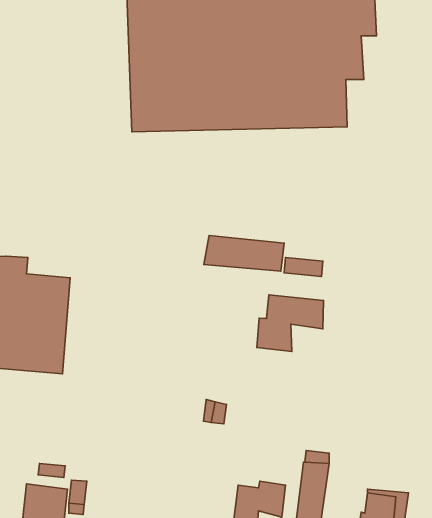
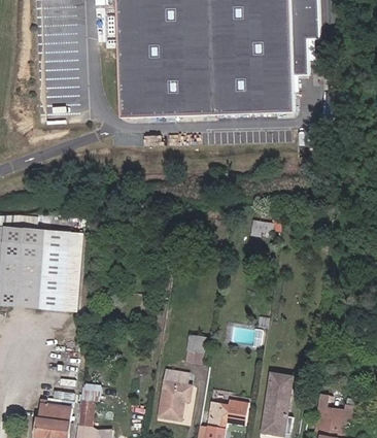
building: [204,235,284,271] -> none
building: [257,295,324,352] -> none
building: none -> [158,368,193,423]

